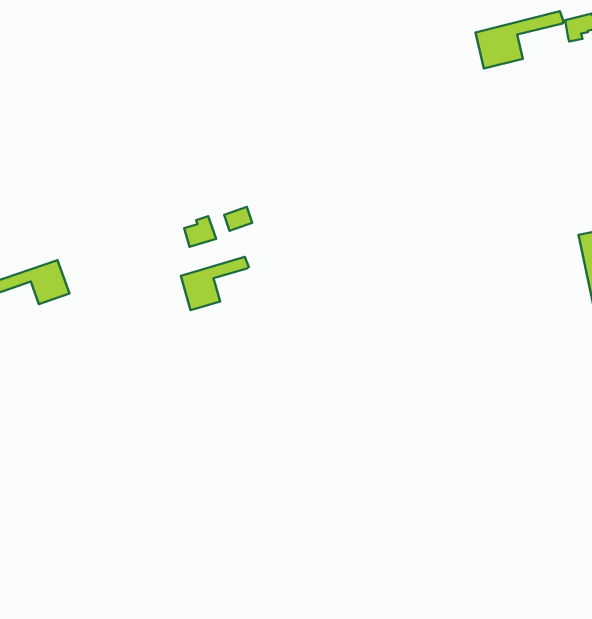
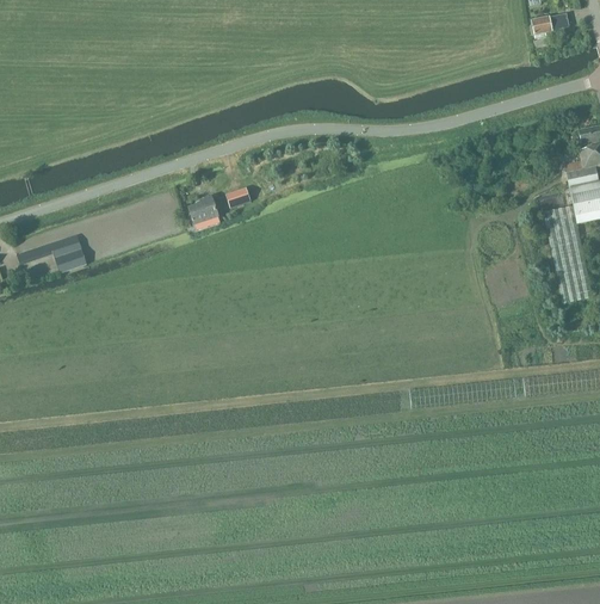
building: [476,11,564,68] -> none
building: [181,257,249,310] -> none

